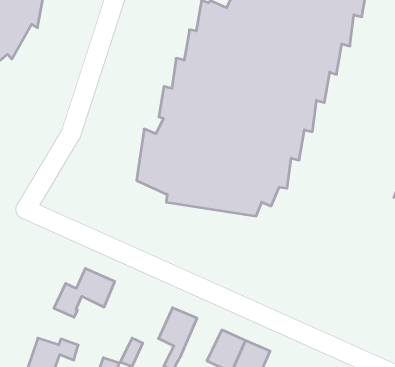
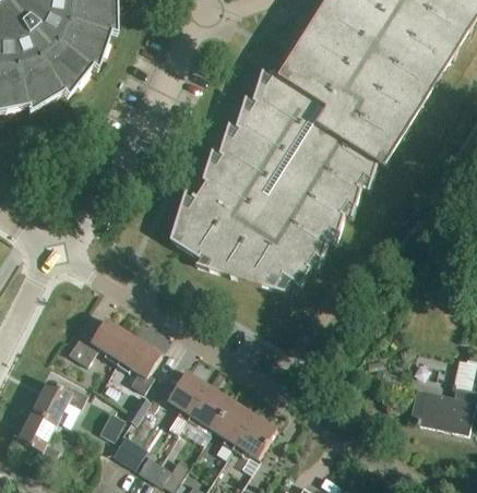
building: none -> [117,336,163,393]
building: none -> [188,385,232,429]

